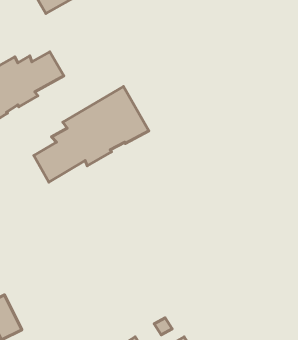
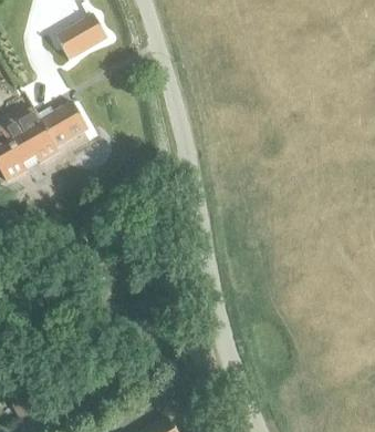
building: [34,87,149,182] -> none

